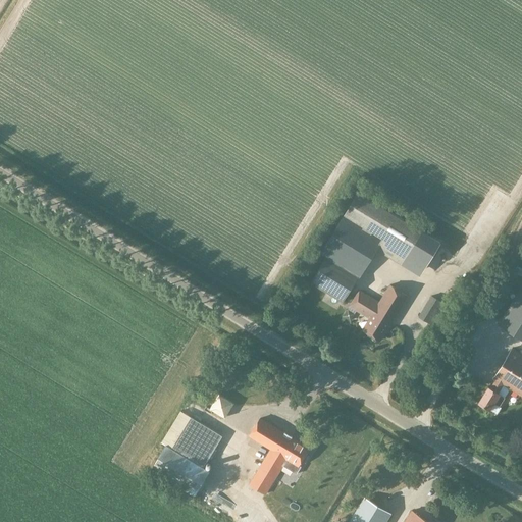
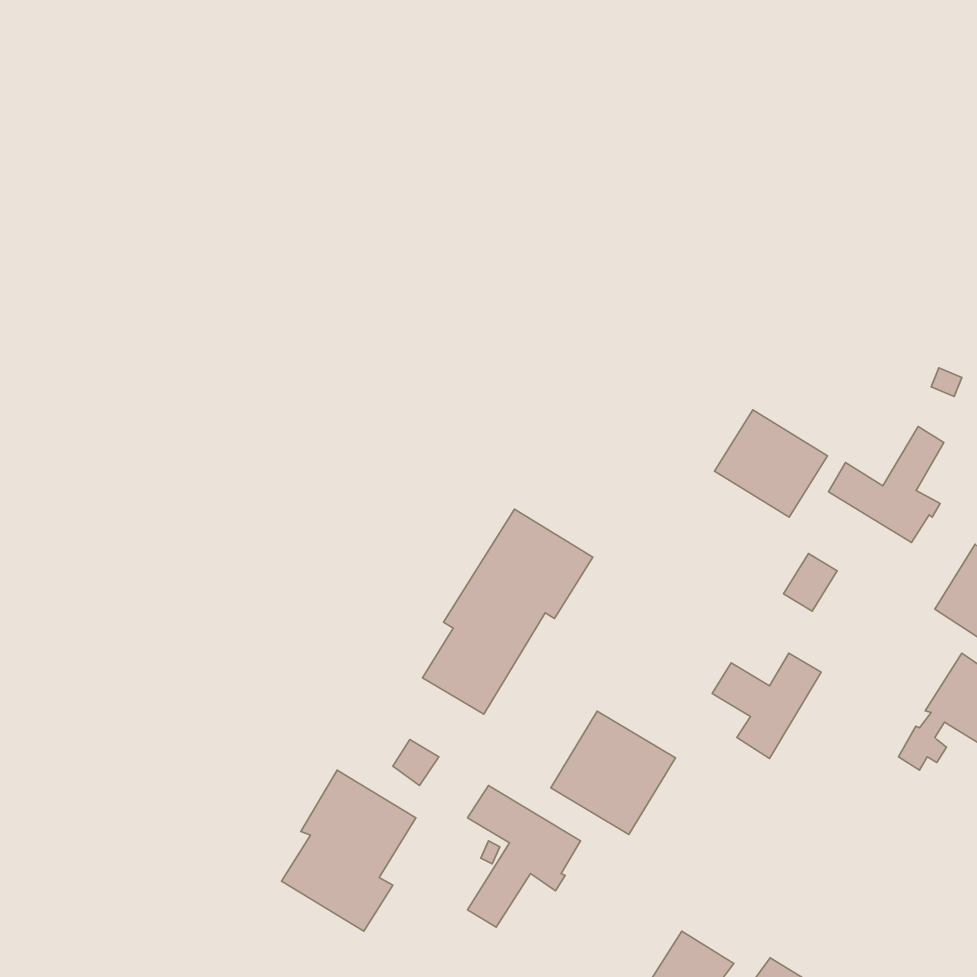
building: [311,194,402,303] -> [422,509,593,714]
building: none -> [829,427,944,543]
building: [350,285,408,342] -> [712,653,821,759]
building: none -> [551,711,675,835]

